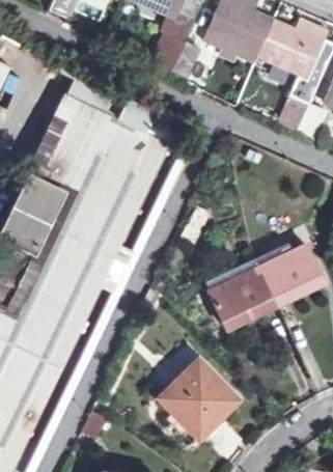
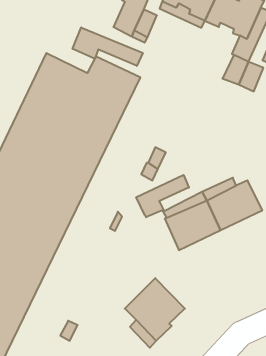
building: none -> [73,27,143,66]
building: none -> [136,175,189,217]

